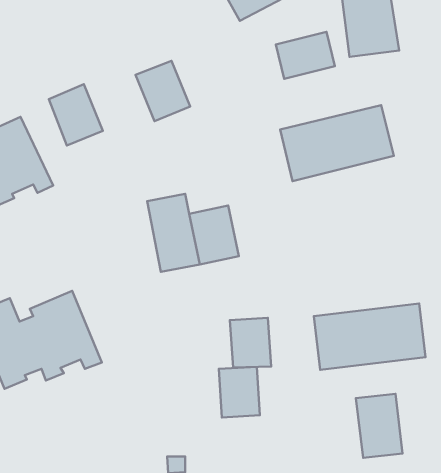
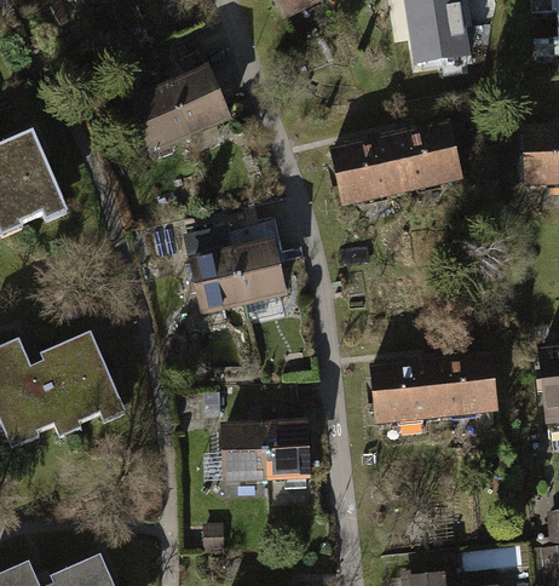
building: [276,32,335,79] -> none
building: [49,84,103,145] -> [126,86,188,156]
building: [230,318,271,367] -> [218,424,265,481]
building: [356,394,403,458] -> none

